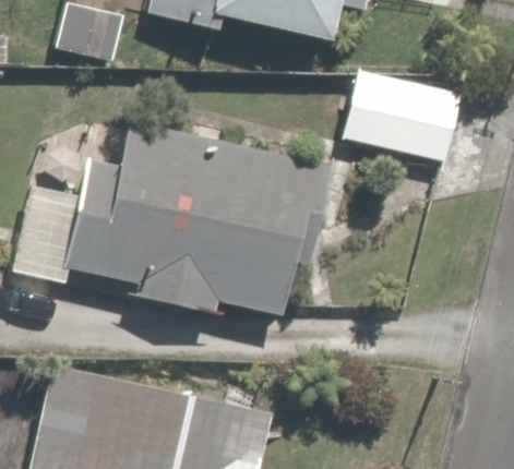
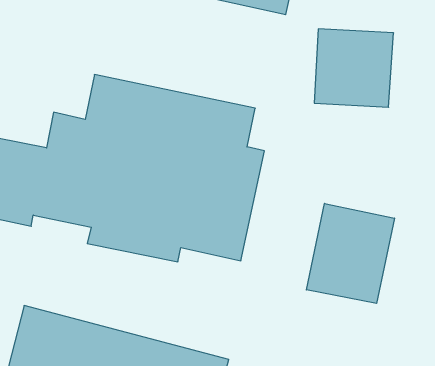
building: none -> [306,203,394,303]

